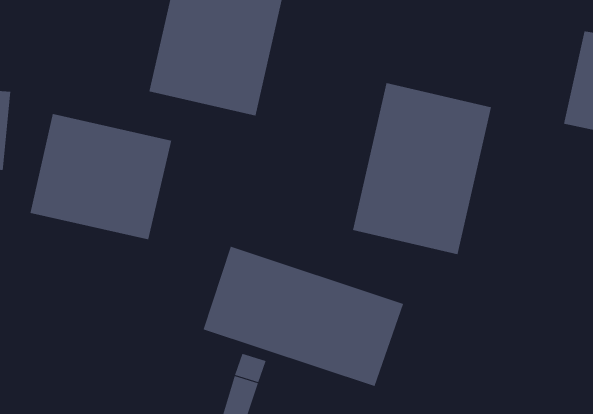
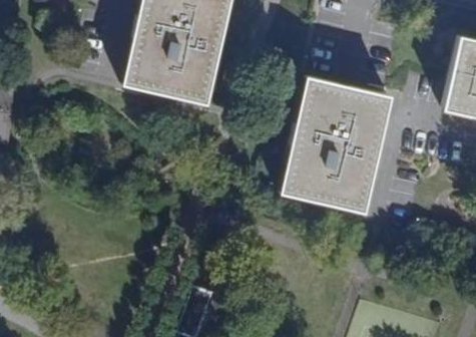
building: [30,113,172,240] -> none
building: [203,246,404,387] -> none

